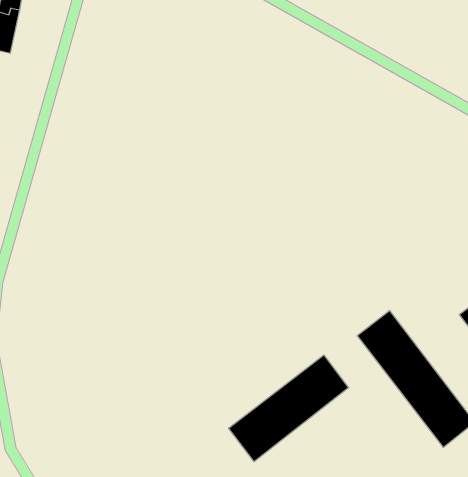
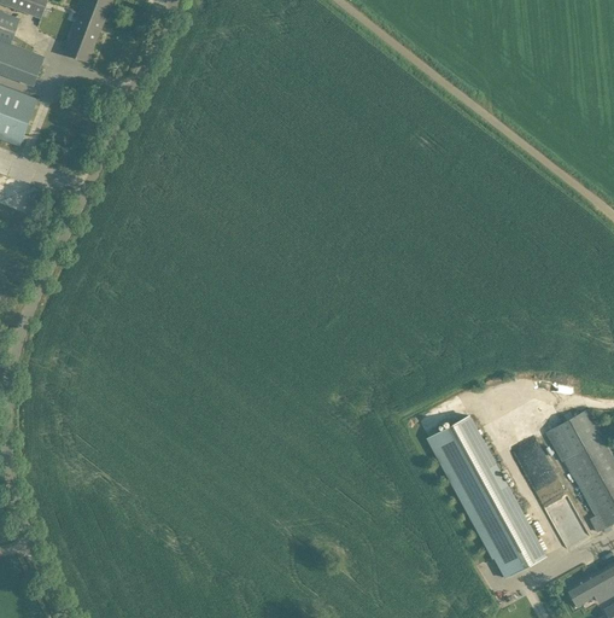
building: [229,355,349,462] -> none

